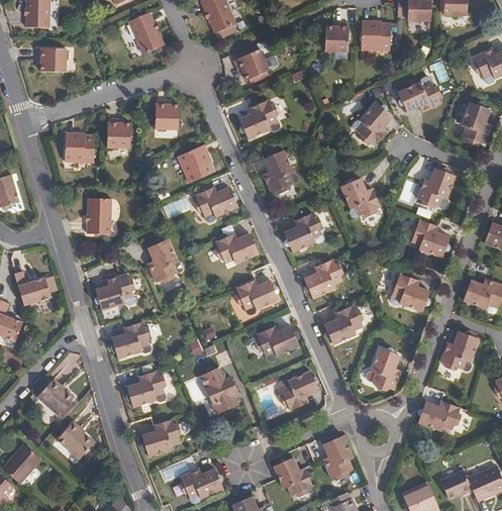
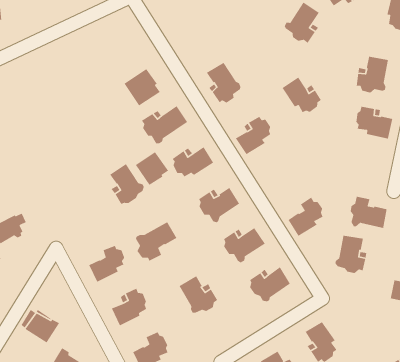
building: [154,98,178,123] -> none
building: [239,99,279,138] -> none
building: [107,118,131,143] -> none
building: [64,132,94,162] -> none
building: [87,198,110,234] -> none
building: none -> [135,151,169,186]
building: [303,259,342,297] -> none
building: [97,268,130,309] -> none
building: [389,273,429,311] -> [350,196,388,229]
building: none -> [135,221,177,262]

